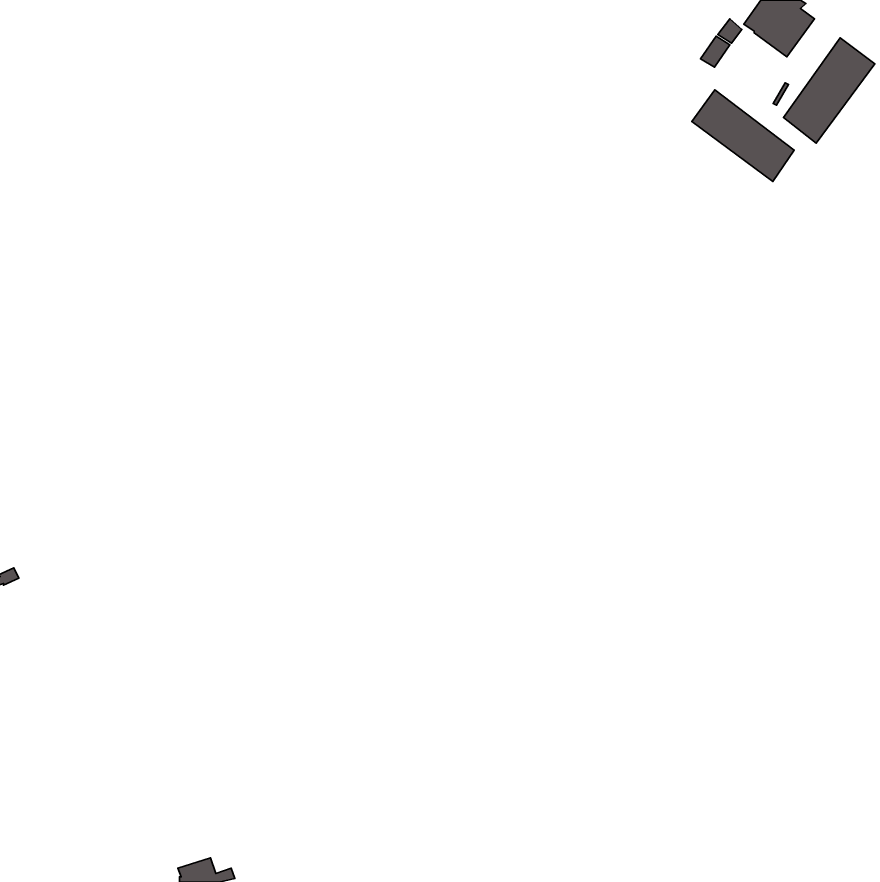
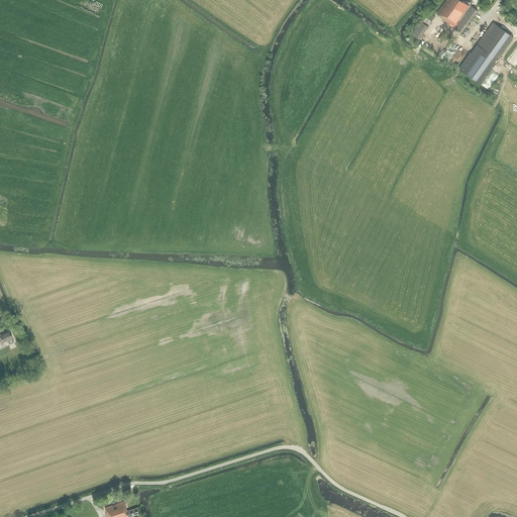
building: [692,90,794,181] -> none

